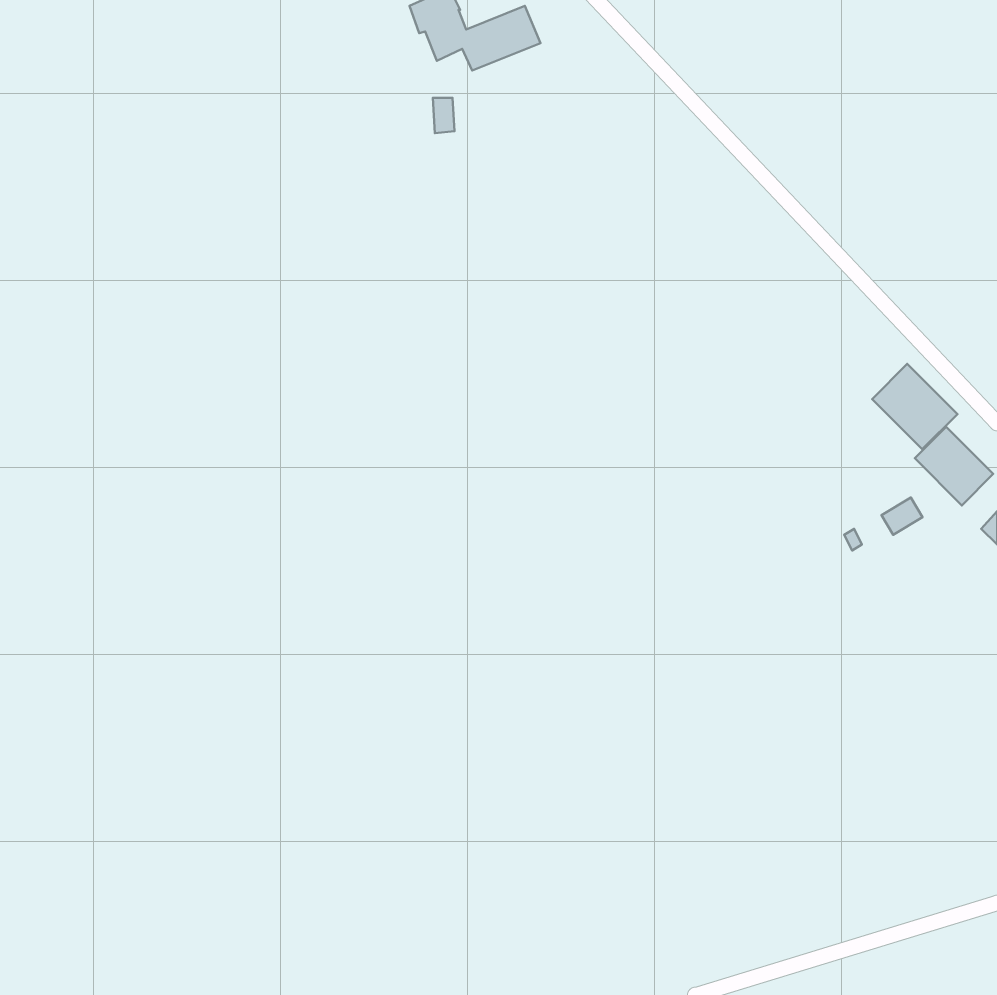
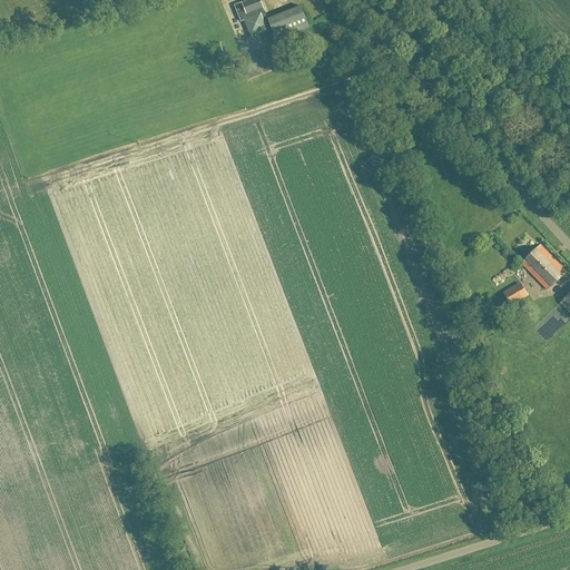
building: [872,364,957,449] -> none

